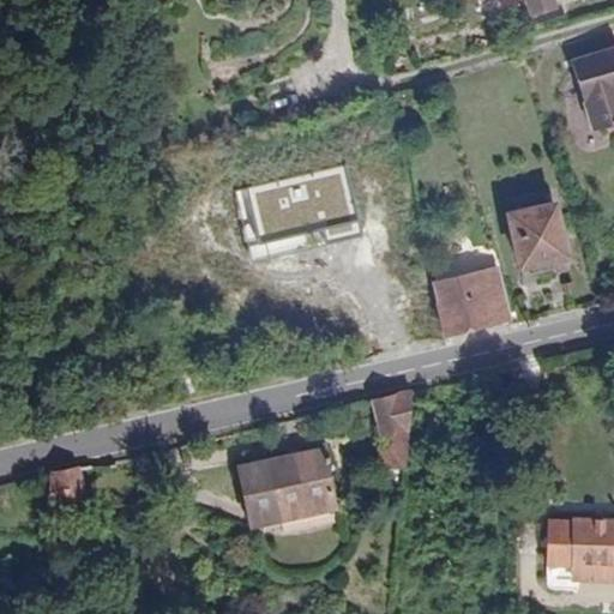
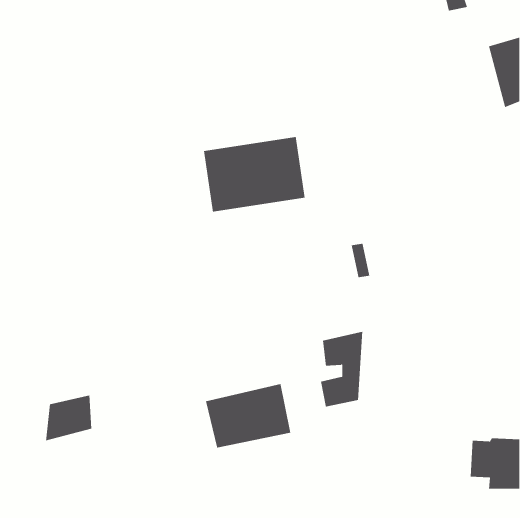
building: [506,206,564,270] -> none
building: [435,273,504,341] -> none

